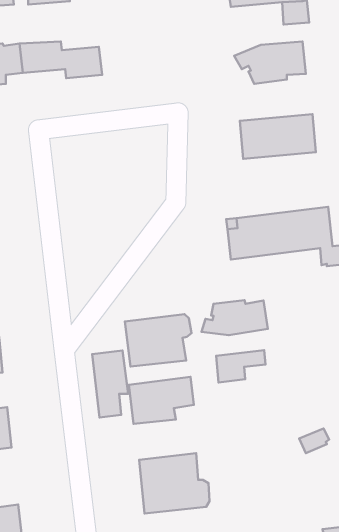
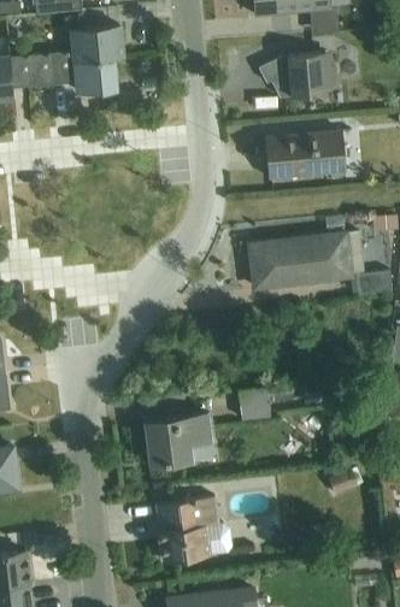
building: none -> [70,25,123,61]
building: [201,300,268,335] -> none
building: [125,314,192,367] -> none
building: [92,350,128,417] -> none

